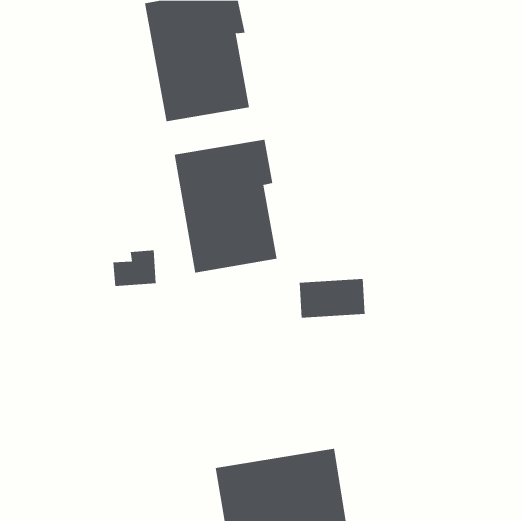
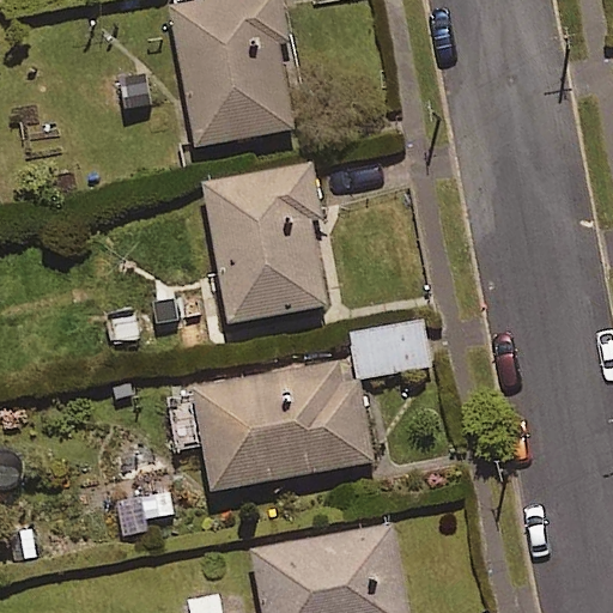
building: none -> [193,362,372,487]

